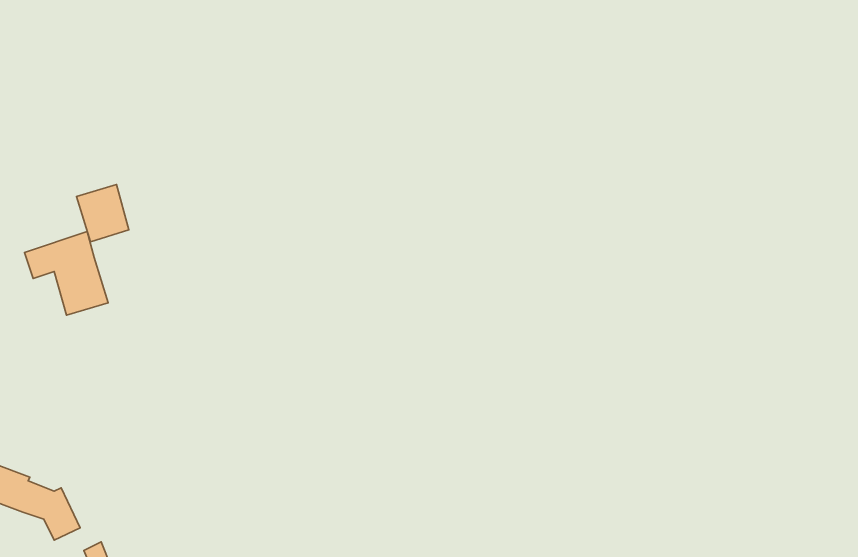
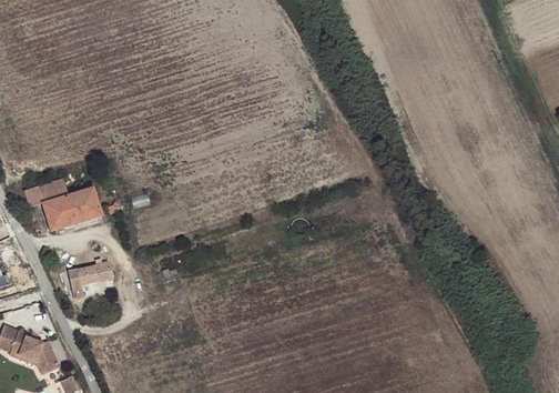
building: [77,184,129,242] -> [68,187,101,223]
building: none -> [69,261,113,299]

